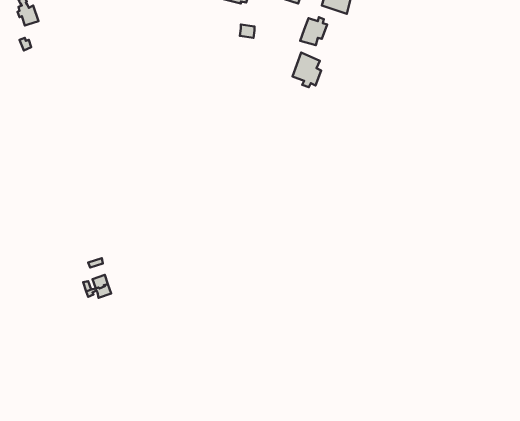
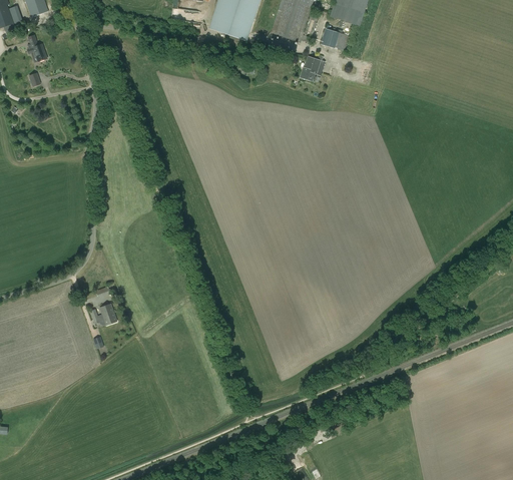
building: [292,53,321,87] -> none

